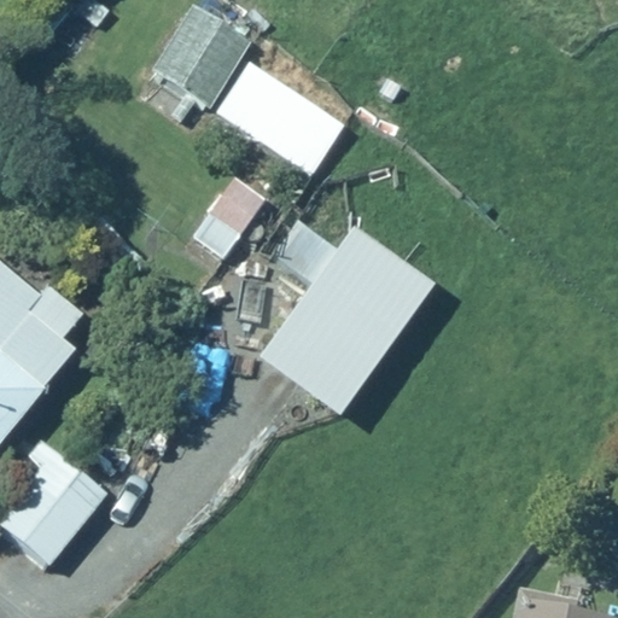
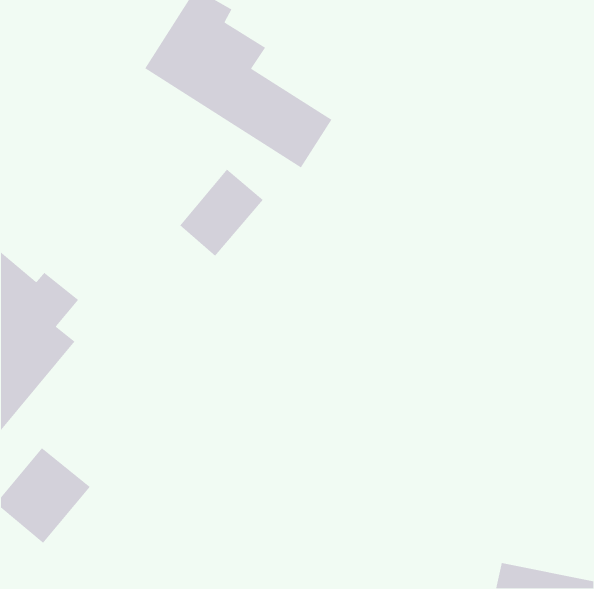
building: [253,218,435,424] -> none

